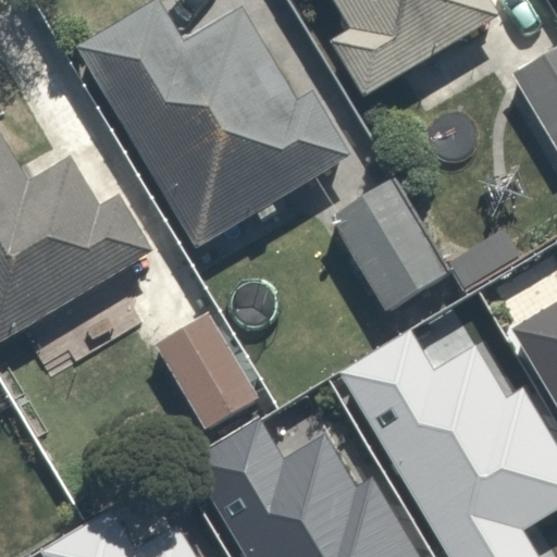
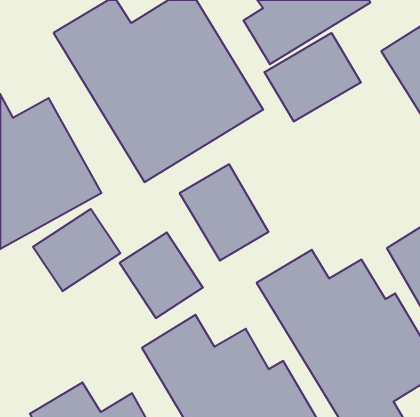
building: none -> [264,33,361,122]
building: [330,182,447,309] -> [180,164,269,261]
building: none -> [33,209,120,291]

